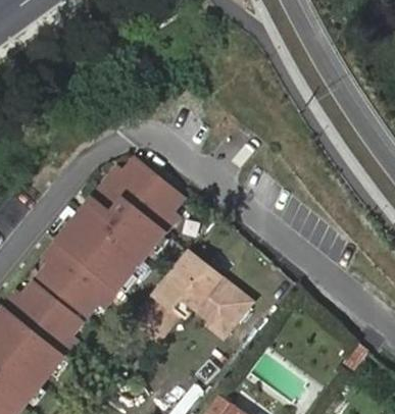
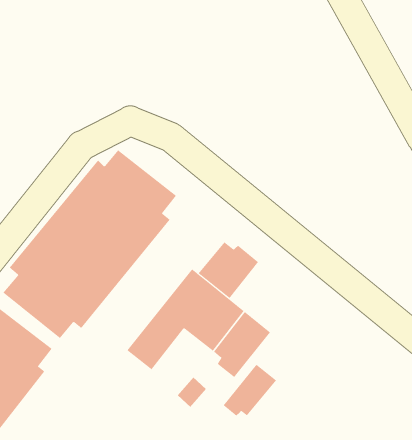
building: none -> [198,242,259,299]
building: none -> [223,364,277,416]

